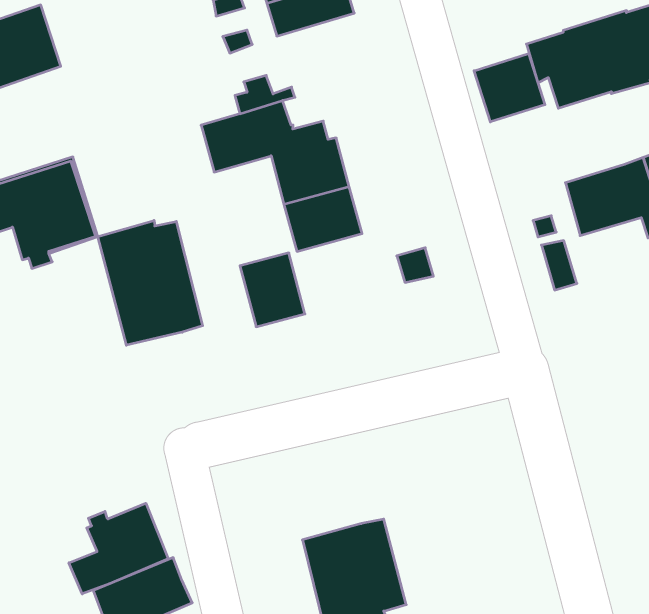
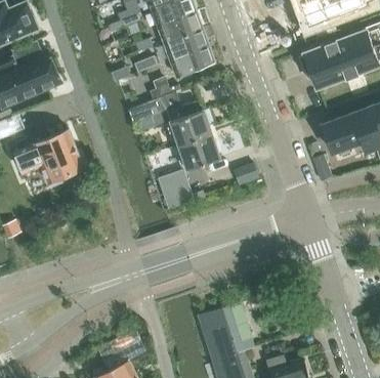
building: none -> [169,46,214,78]
building: [474,54,545,122] -> none
building: [98,220,203,345] -> none
building: [69,503,168,594] -> none

